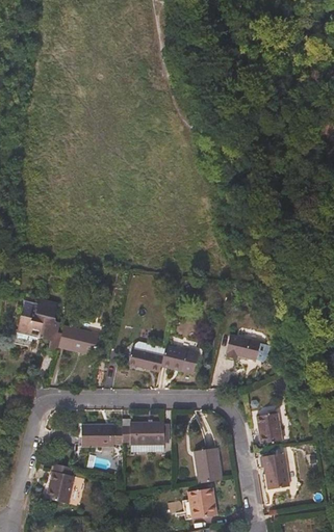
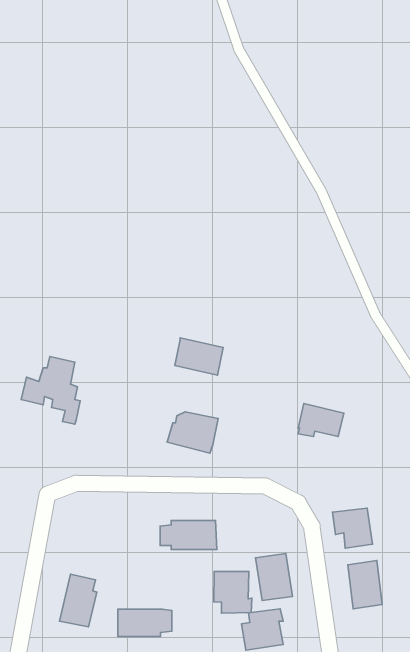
building: [59,325,100,354] -> none
building: [162,345,199,373] -> [175,338,223,375]
building: [82,425,123,446] -> [118,609,172,637]
building: none -> [214,572,252,613]

